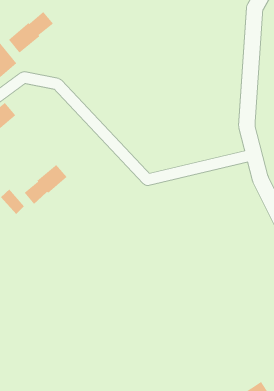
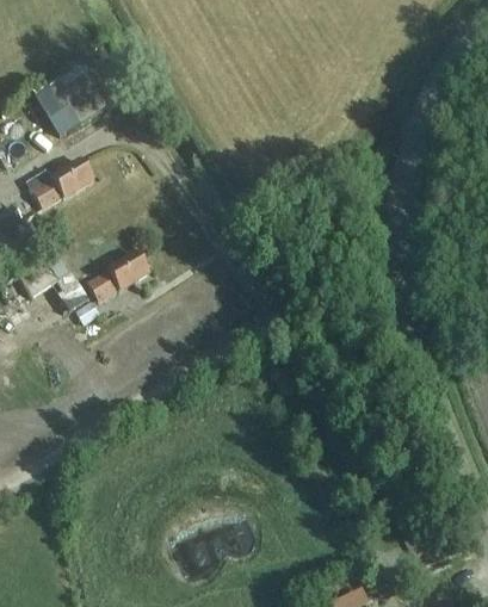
building: [8,11,54,53] -> none

